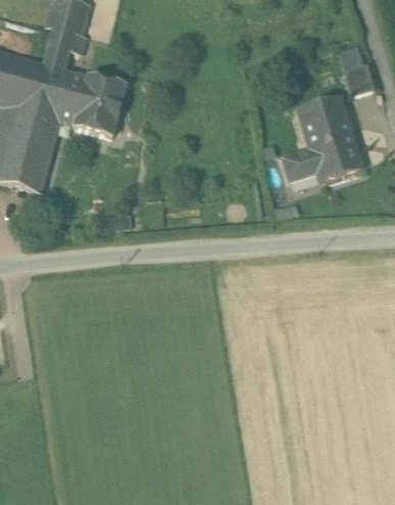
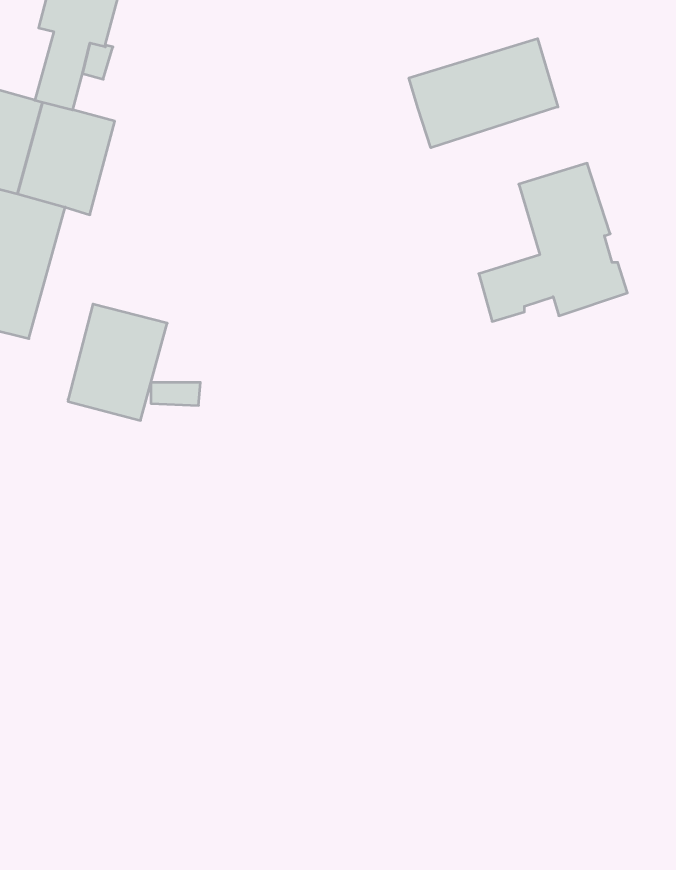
building: none -> [409,39,558,148]
building: [343,62,374,94] -> none
building: [72,73,126,135] -> [68,304,167,420]

